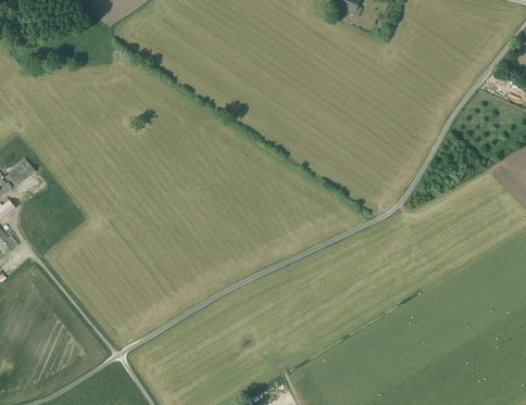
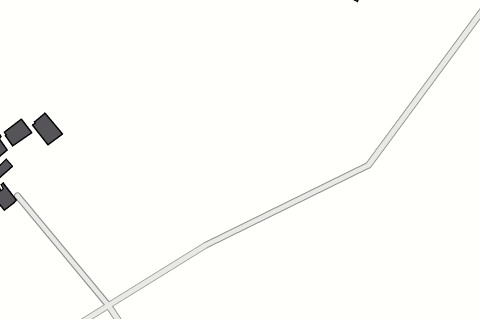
building: none -> [33,113,62,145]

